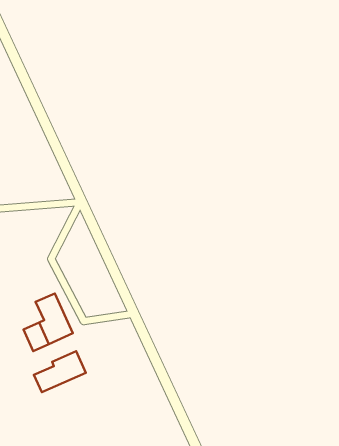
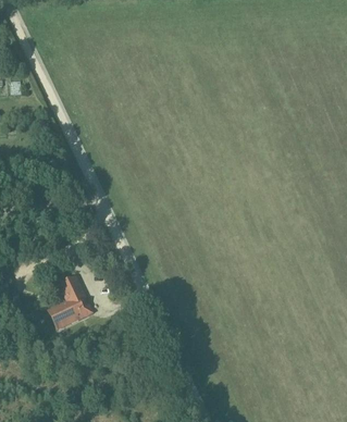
building: [34,351,86,392] -> none

